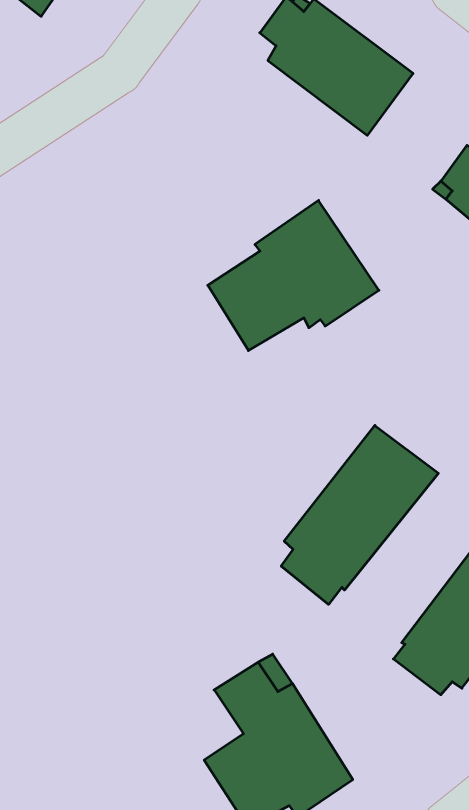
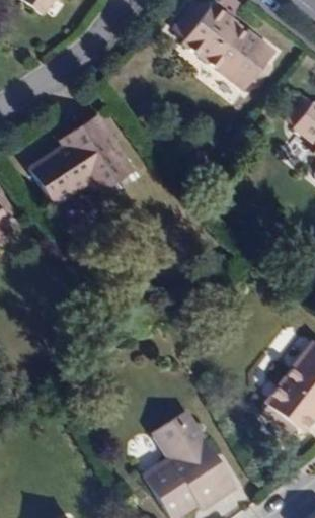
building: [208,200,379,351] -> [29,114,136,207]
building: [281,425,438,604] -> none

